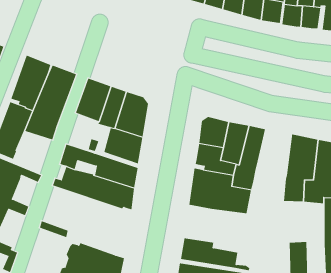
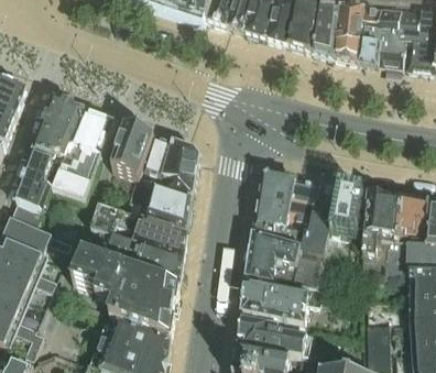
building: none -> [328,185,363,235]
building: none -> [72,252,179,336]
building: none -> [242,279,321,321]

